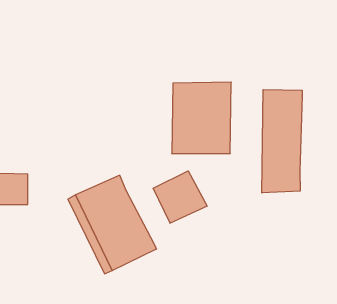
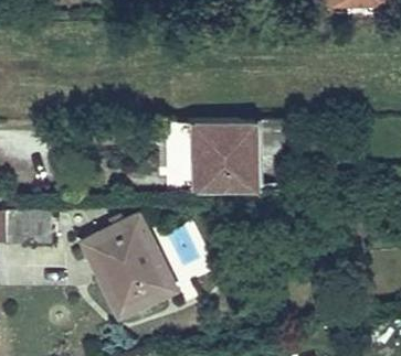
building: [262,90,302,193] -> none
building: [153,171,207,223] -> none

